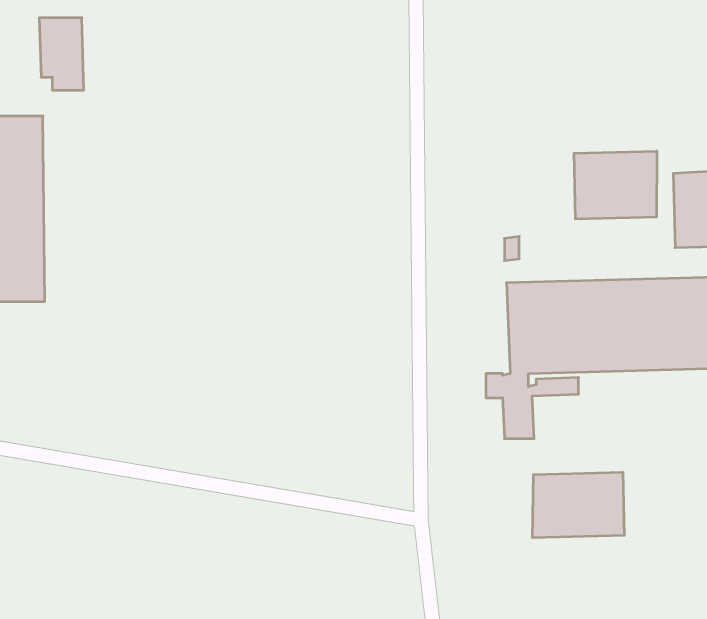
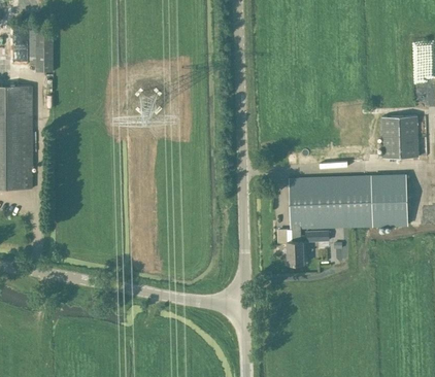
building: [574,151,657,219] -> none
building: [533,472,624,538] -> none

